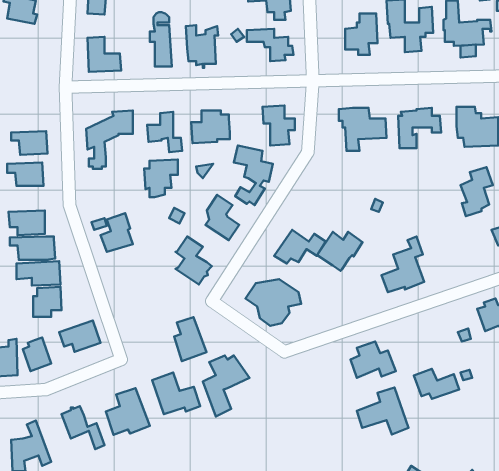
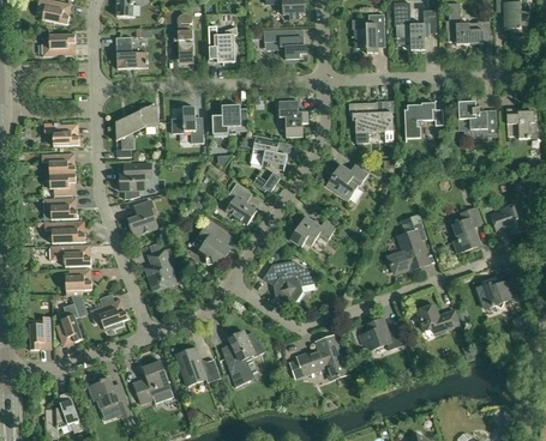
building: none -> [42,34,76,55]
building: [144,159,178,197] -> [120,163,151,198]
building: [461,167,493,216] -> [452,207,482,253]
building: none -> [50,174,77,195]
building: [317,232,362,271] -> [326,163,368,199]
building: [174,317,207,361] -> [146,249,176,290]
building: [414,369,459,399] -> [418,304,460,332]
building: [357,388,409,434] -> [299,336,347,379]

